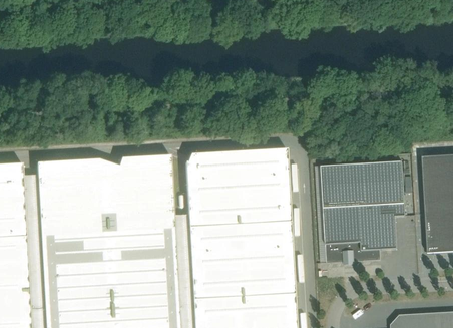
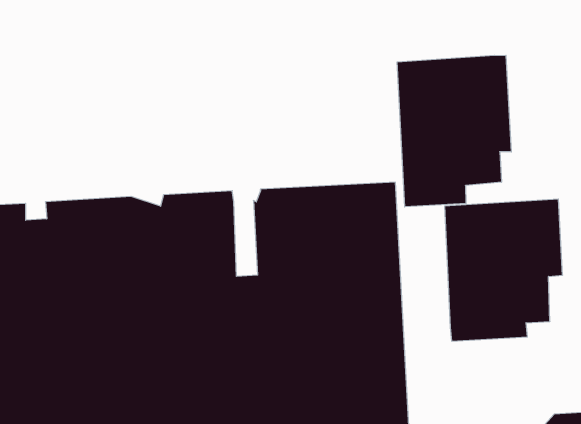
building: none -> [397,55,511,207]

